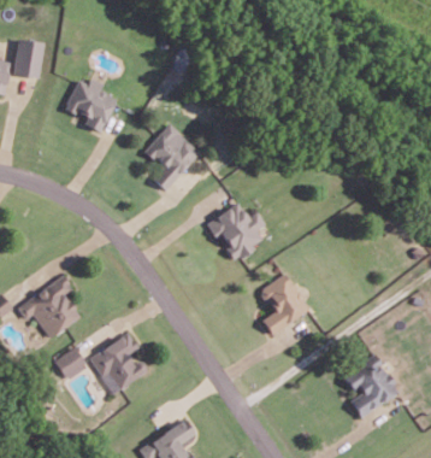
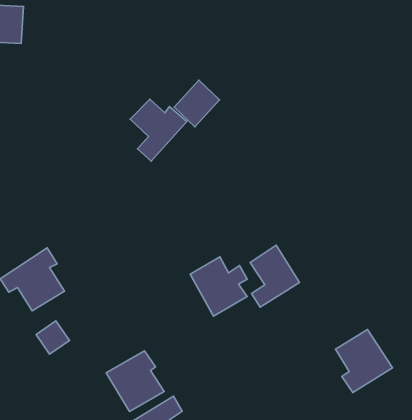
building: [64,80,116,133] -> none
building: none -> [174,80,219,127]
building: [208,204,264,262] -> [190,257,247,316]
building: [90,334,147,393] -> [106,351,164,411]

